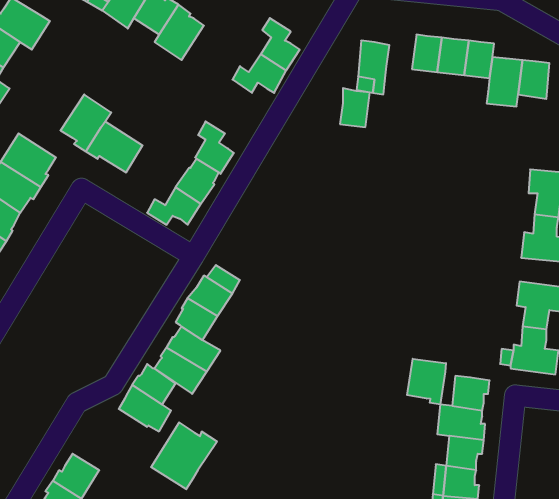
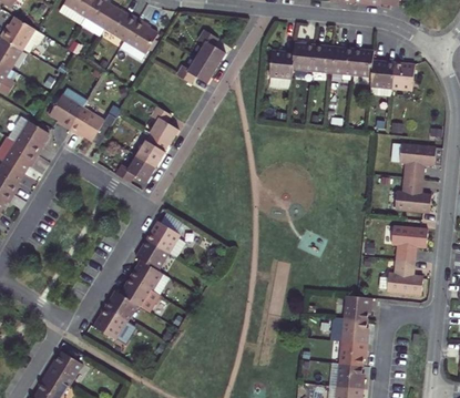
building: [340,88,370,127] -> [294,40,316,69]
building: [407,359,446,404] -> none
building: [151,422,217,489] -> none

